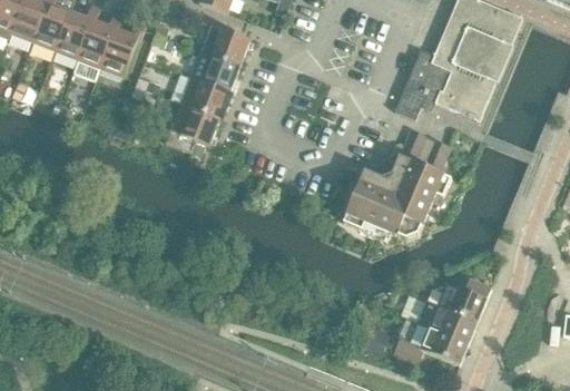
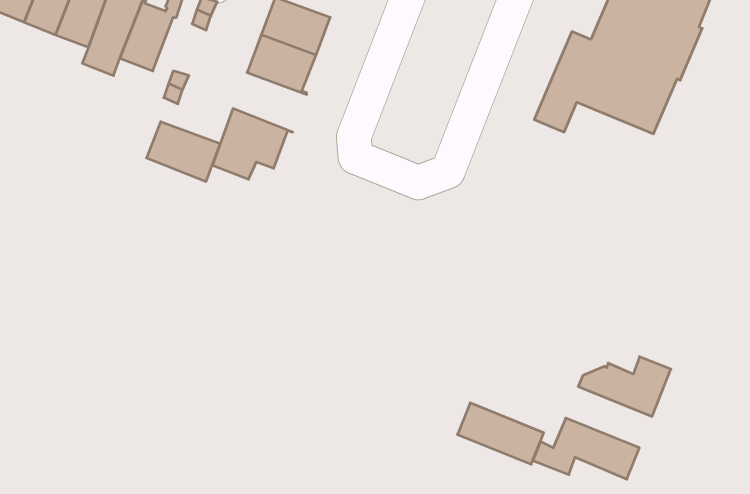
building: [180,77,233,119] -> [146,122,220,181]
building: [343,128,451,240] -> none
building: [416,300,478,343] -> [457,403,544,464]

